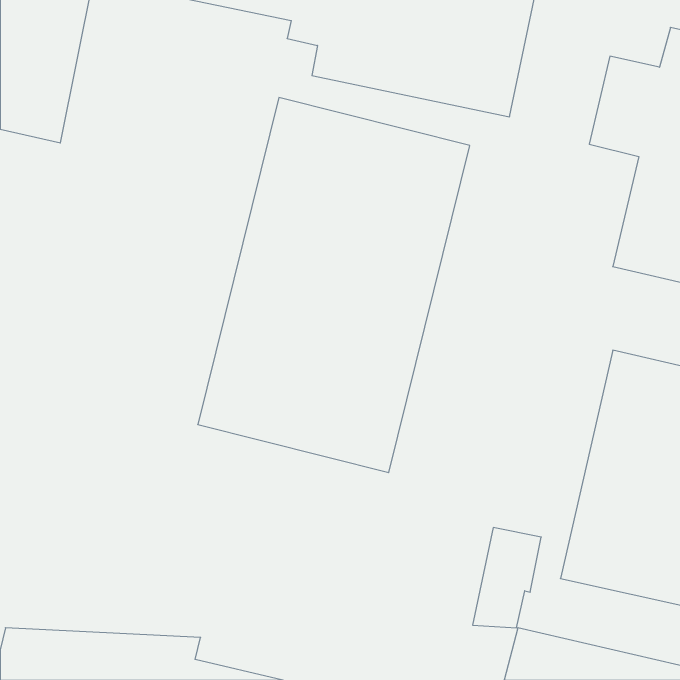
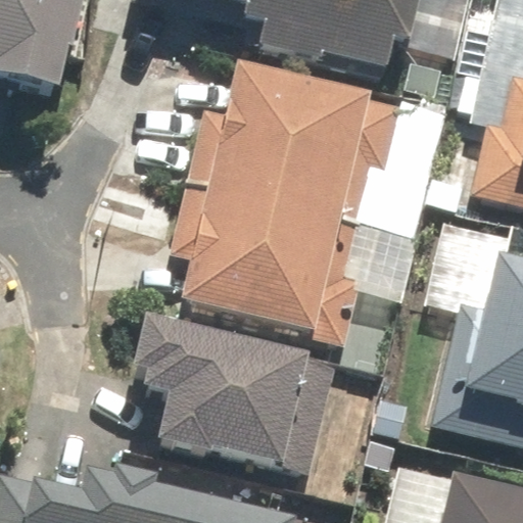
building: none -> [140,317,332,475]

